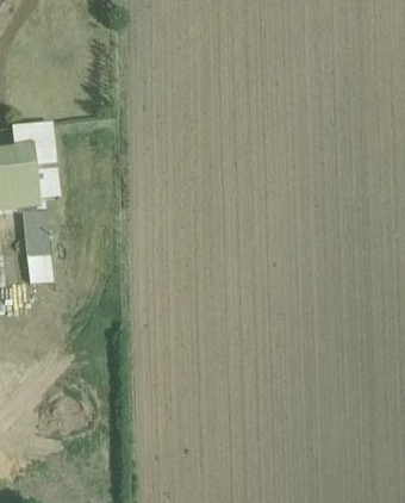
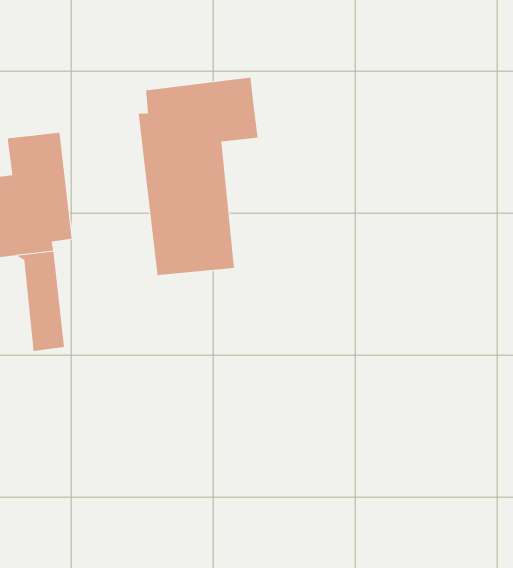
building: none -> [138,77,258,276]

